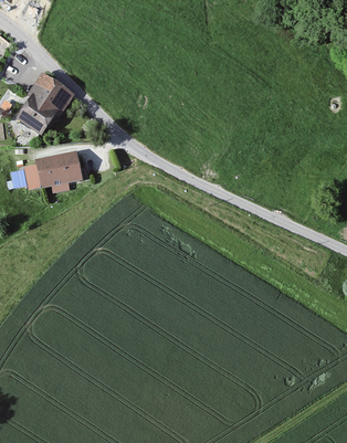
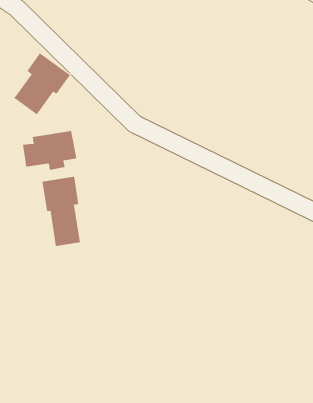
building: none -> [42,176,80,247]

